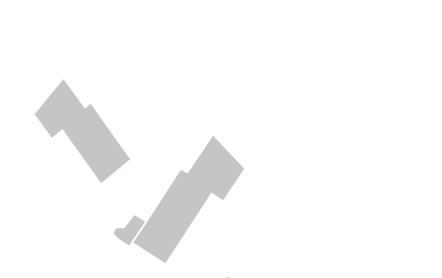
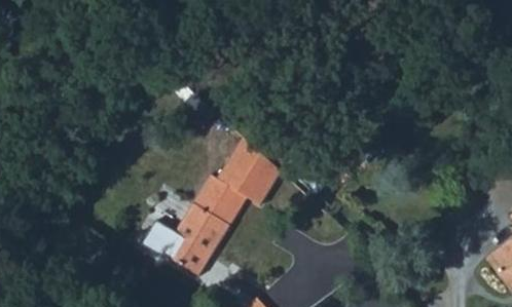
building: [34,78,131,184] -> none

